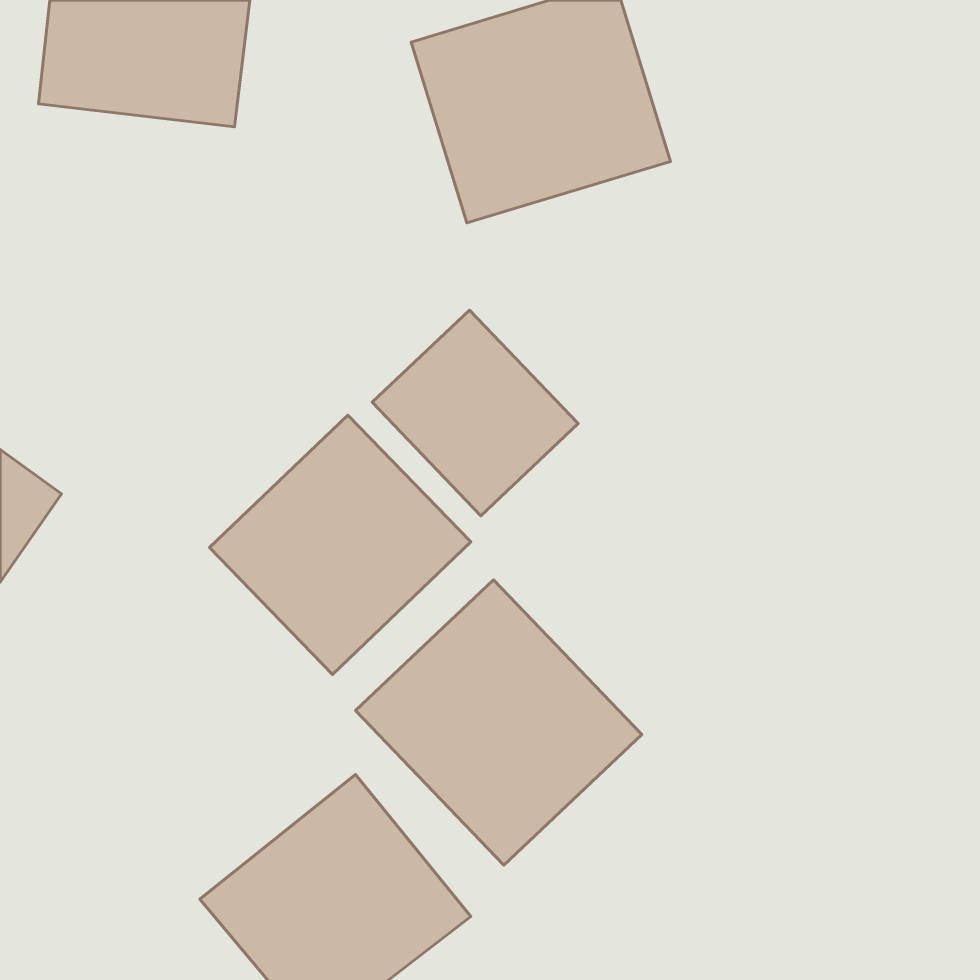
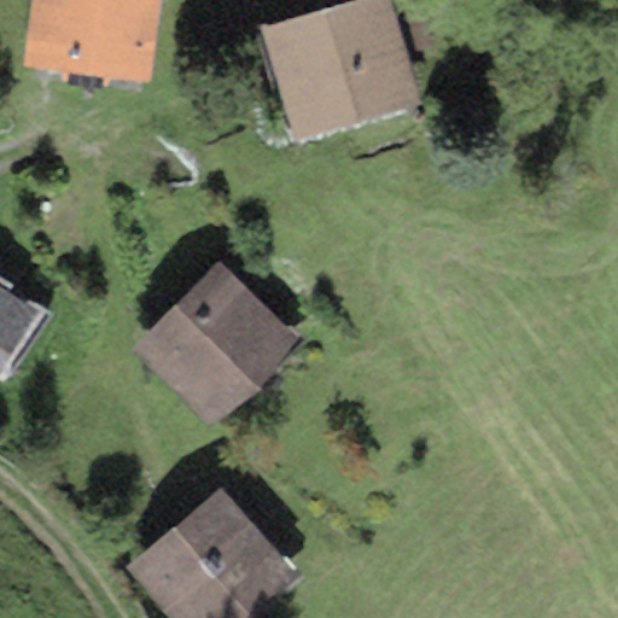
building: [372,310,578,516] -> none
building: [356,580,642,865] -> none

